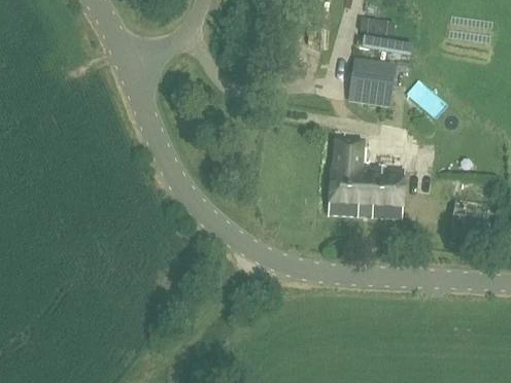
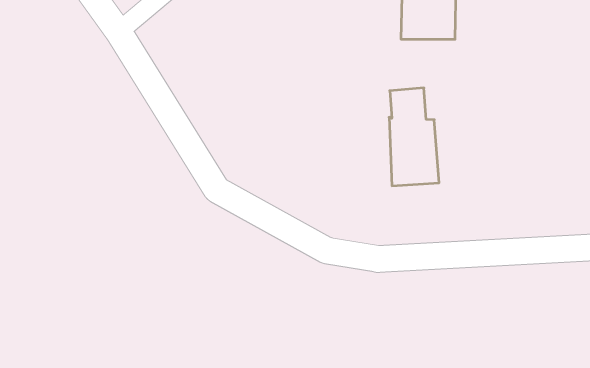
building: [365,167,404,218] -> none

